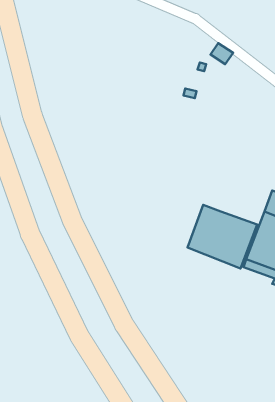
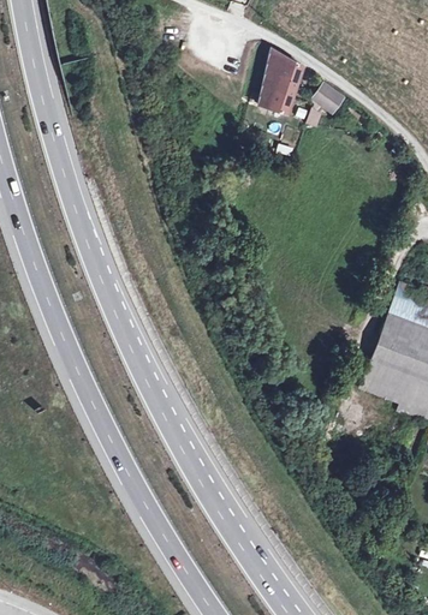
building: none -> [261,49,302,113]
building: [188,205,257,268] -> none

